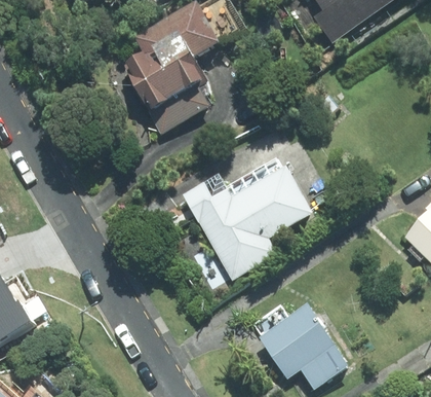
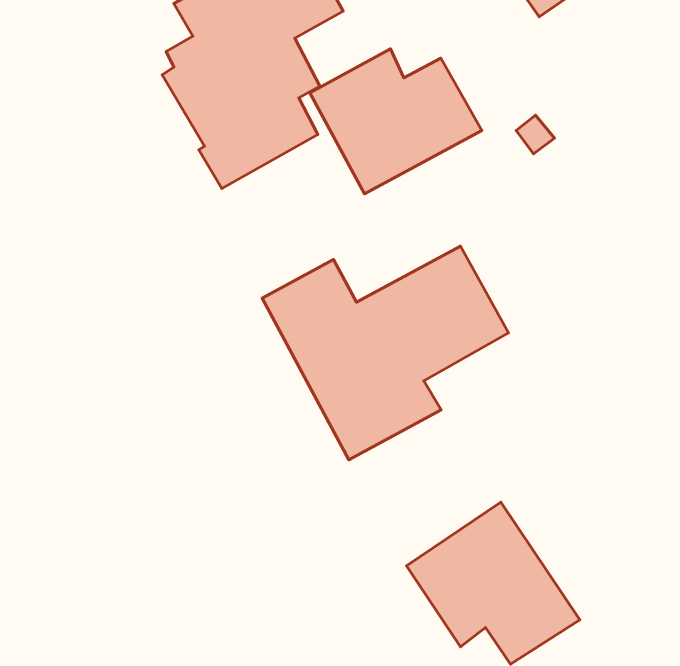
building: none -> [310,49,482,194]

